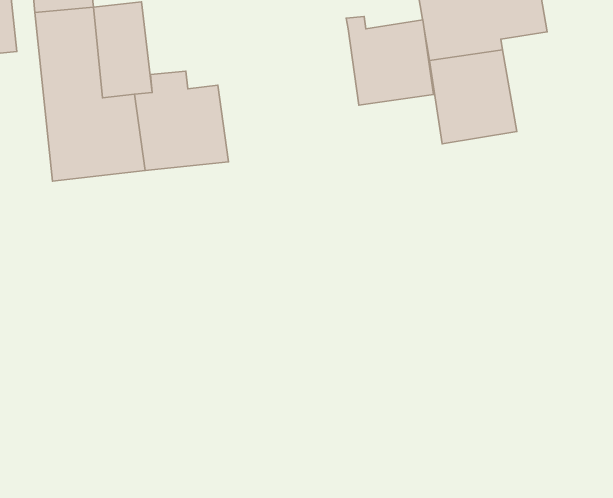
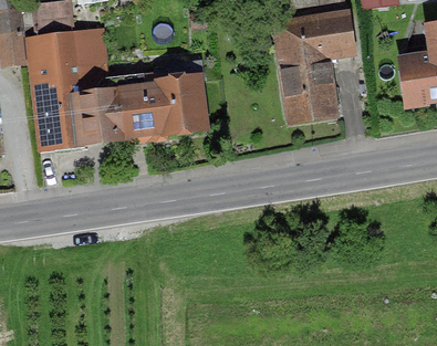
building: [346,16,433,105] -> [148,77,202,133]

